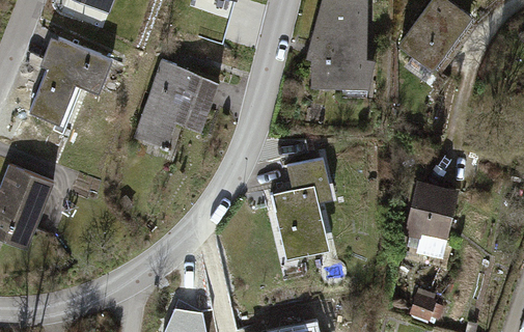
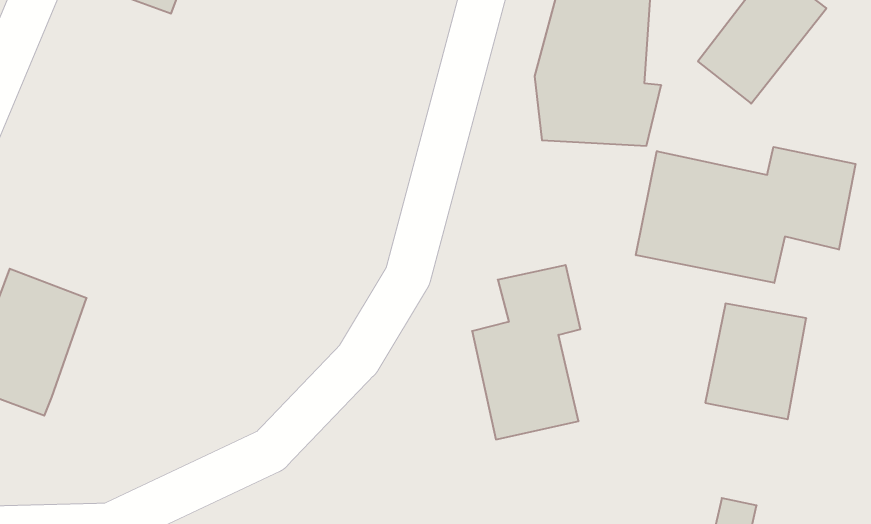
building: [31,43,111,127] -> none
building: [131,54,218,150] -> none
building: none -> [636,147,856,283]

